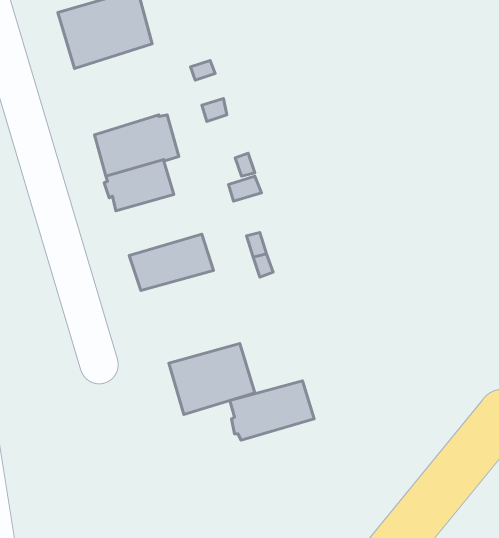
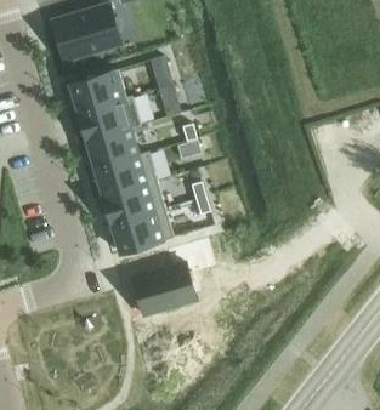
building: none -> [69,69,125,110]
building: none -> [93,152,157,199]
building: [230,381,314,440] -> [112,210,174,254]

